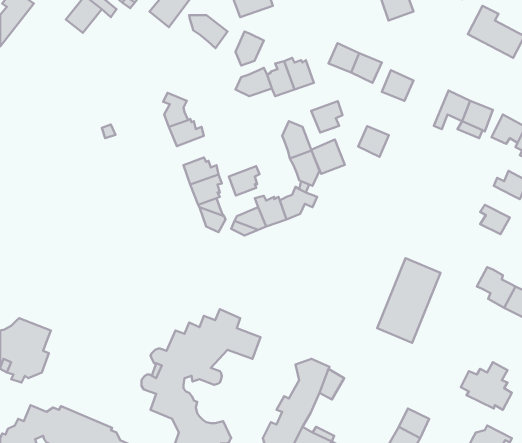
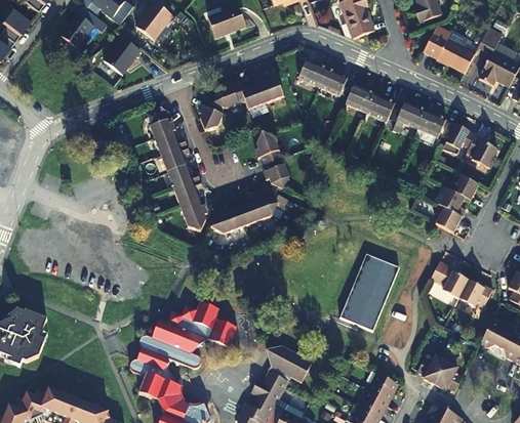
building: [189,15,228,48] -> none
building: none -> [102,41,138,79]
building: [235,31,264,65] -> [200,99,226,130]
building: [311,101,343,133] -> none
building: [358,126,389,157] -> [366,93,394,121]
building: [311,139,345,174] -> none
building: [229,166,260,196] -> [160,143,188,170]
building: none -> [439,188,466,217]
building: none -> [369,374,398,399]

